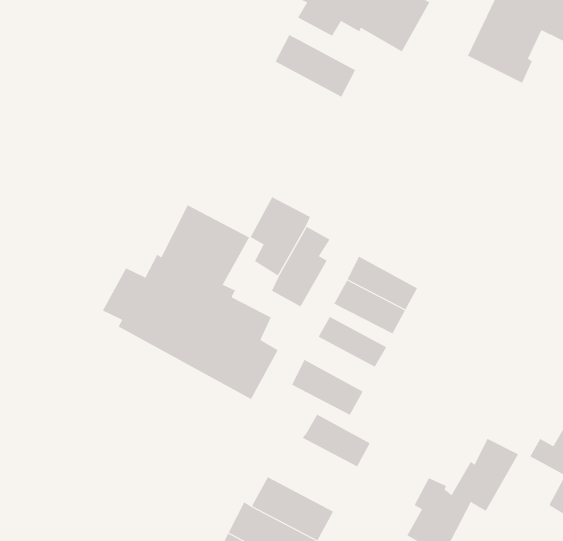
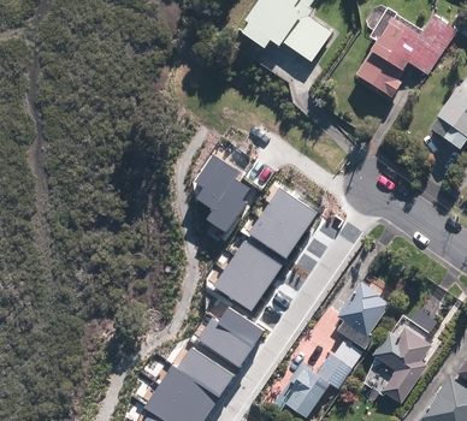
building: [275,34,356,98] -> none
building: [102,204,279,400] -> none
building: none -> [267,189,315,230]
building: none -> [223,256,271,297]
building: none -> [336,280,390,348]
building: none -> [196,319,252,368]

